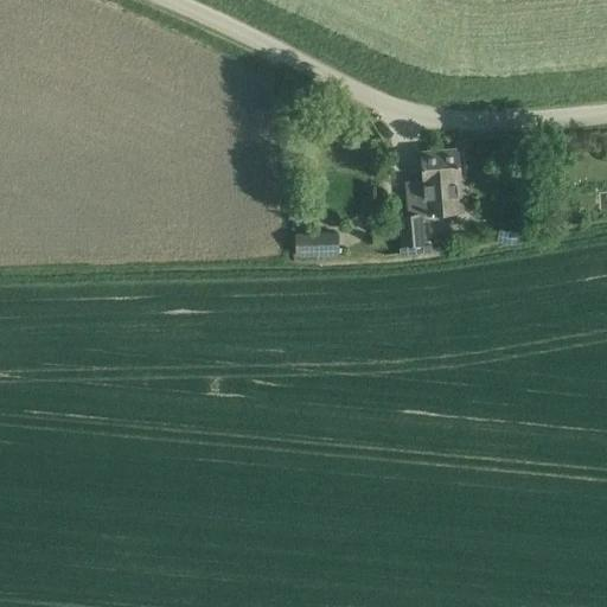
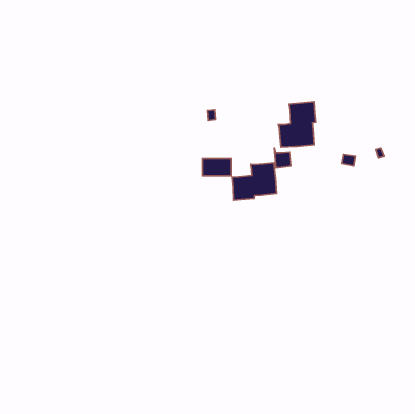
building: none -> [232,163,277,200]

